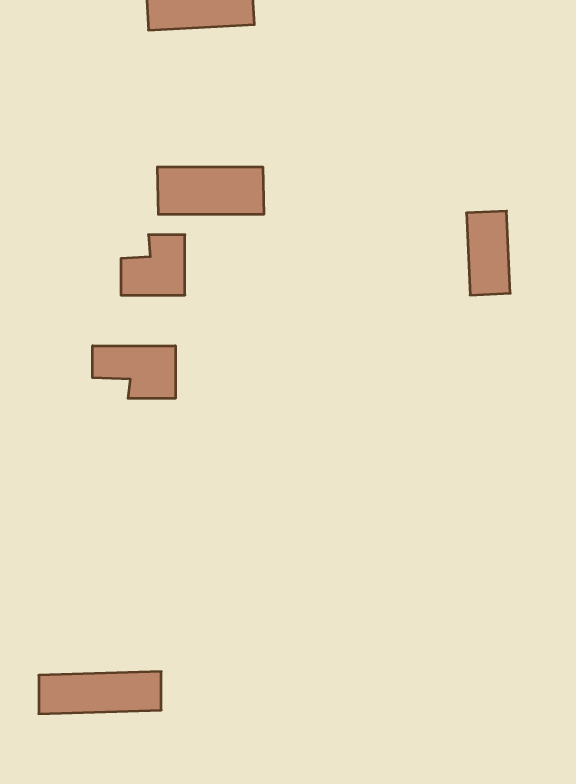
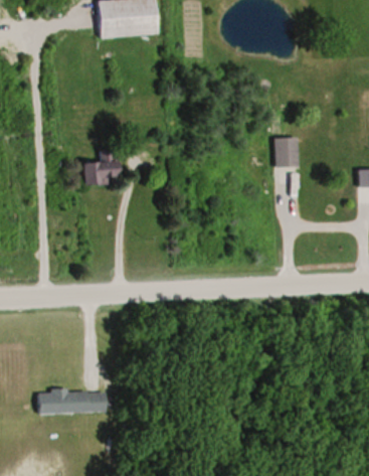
building: [157,167,264,214] -> none
building: [93,346,175,398] -> none

